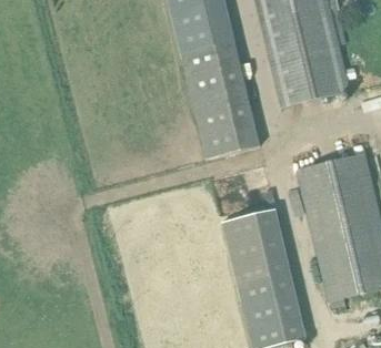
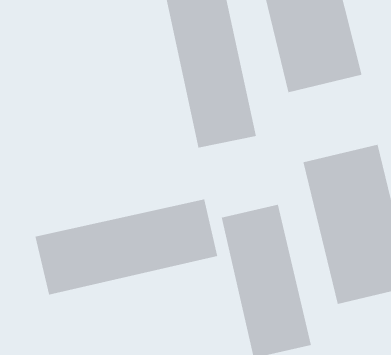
building: none -> [35,198,218,295]

